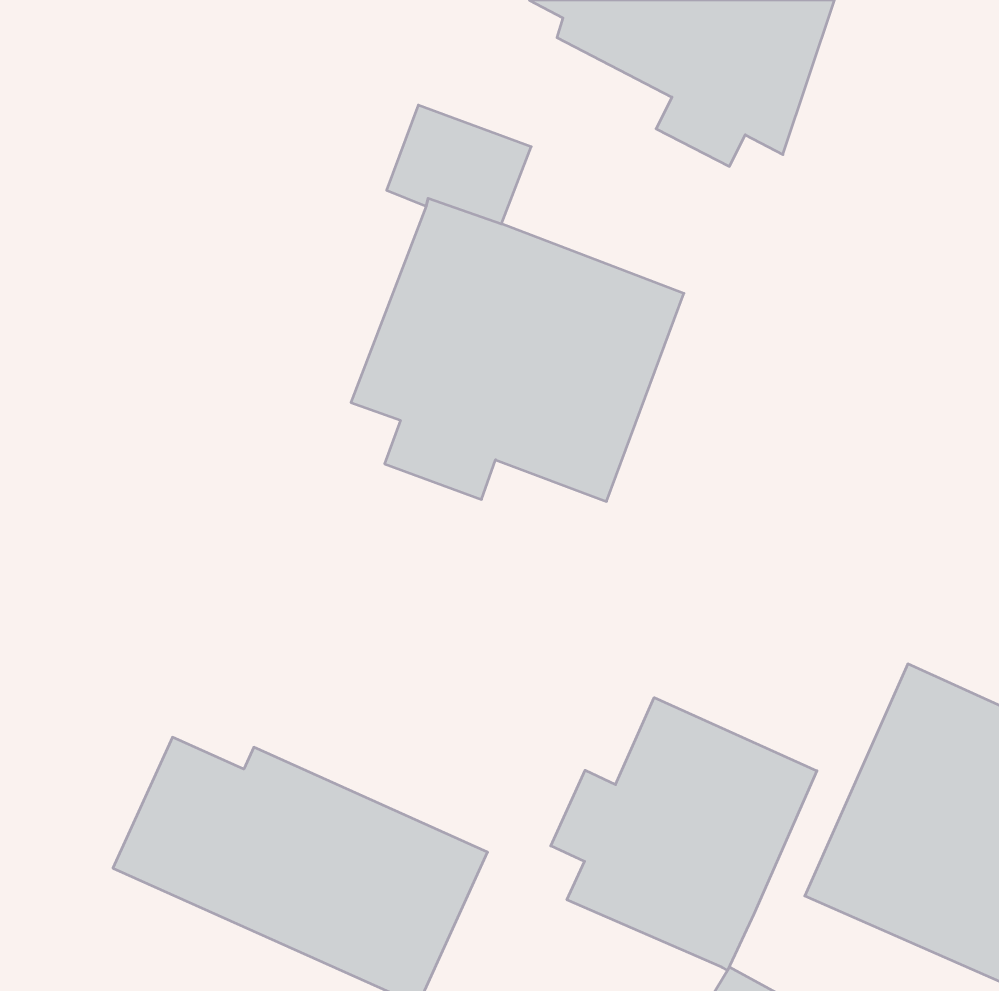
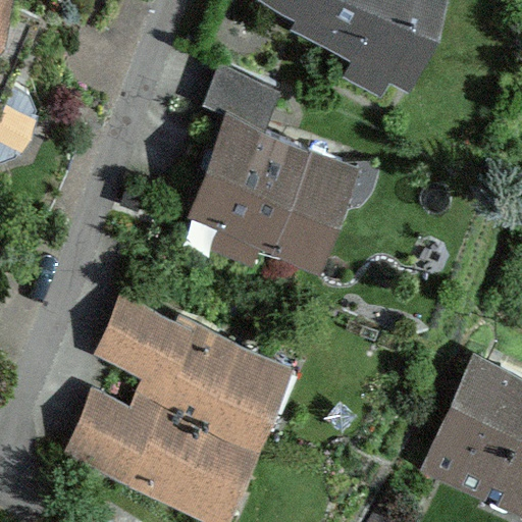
building: none -> [97,298,296,450]
building: [551,698,817,971] -> none

